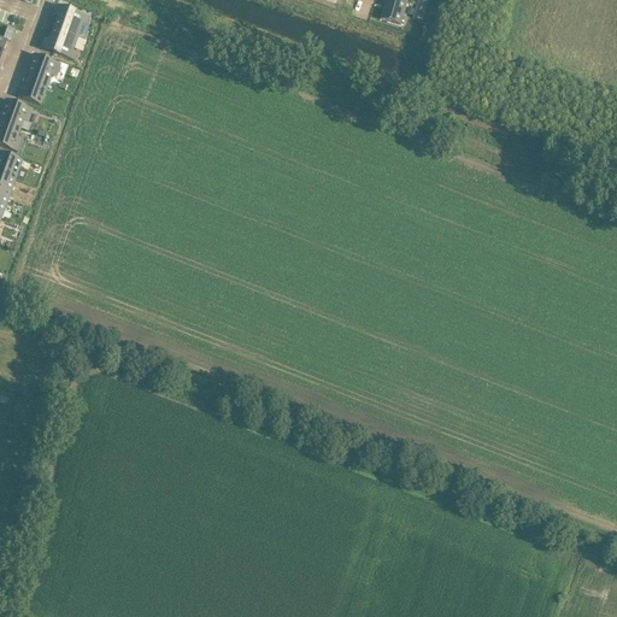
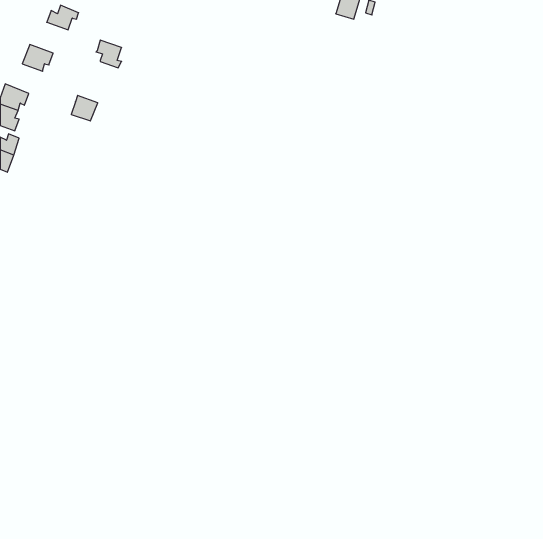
building: [48,25,77,57] -> [96,40,122,68]
building: [18,72,48,101] -> [71,95,98,121]

